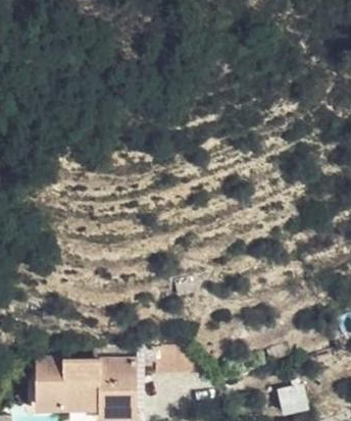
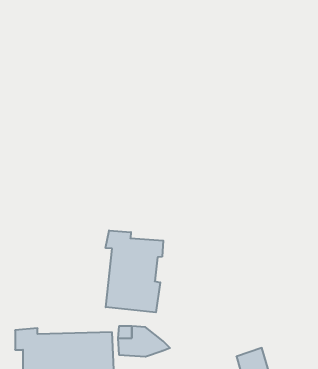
building: none -> [106,230,163,312]

